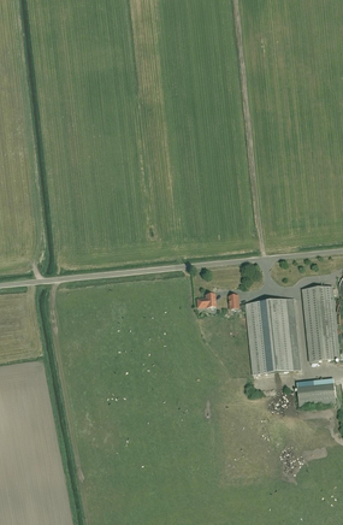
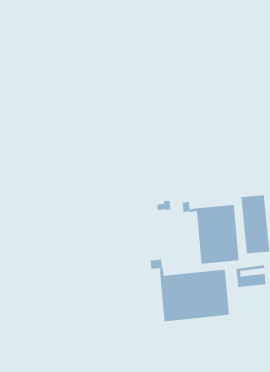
building: none -> [150,259,230,322]

